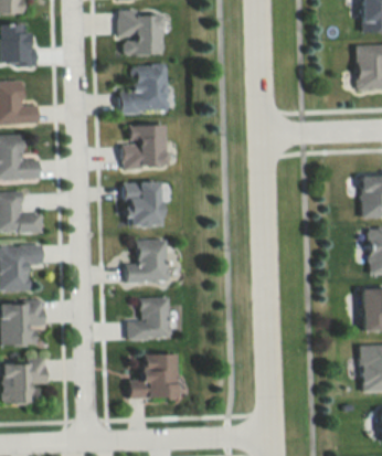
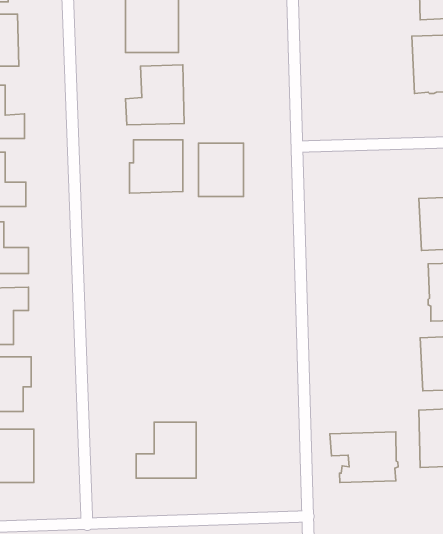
building: [127,182,163,225] -> [198,143,243,196]
building: [127,240,169,283] -> none
building: [129,298,171,340] -> none
building: none -> [330,432,398,482]

